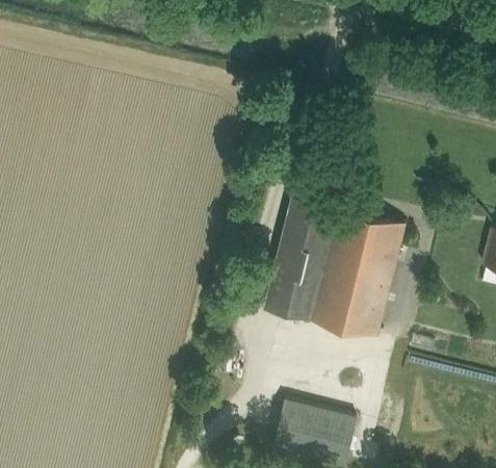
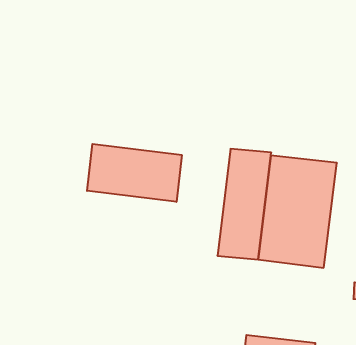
building: none -> [87,144,182,202]

